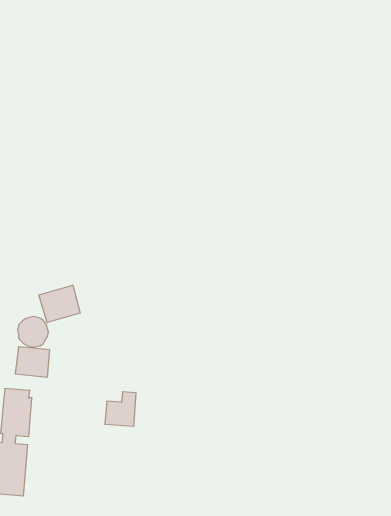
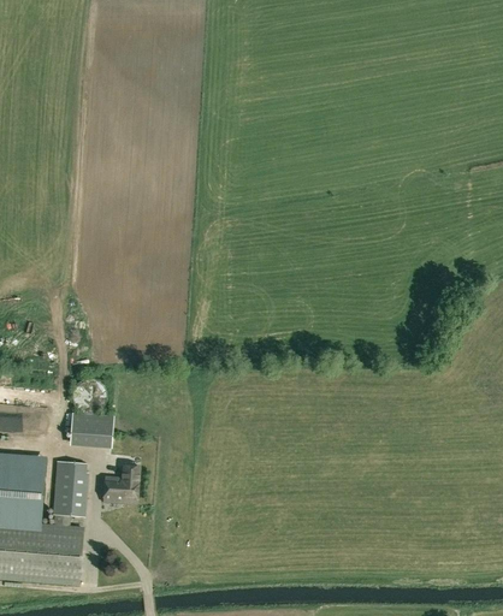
building: [39,285,80,323] -> none
building: [105,392,136,426] -> [102,463,138,503]

